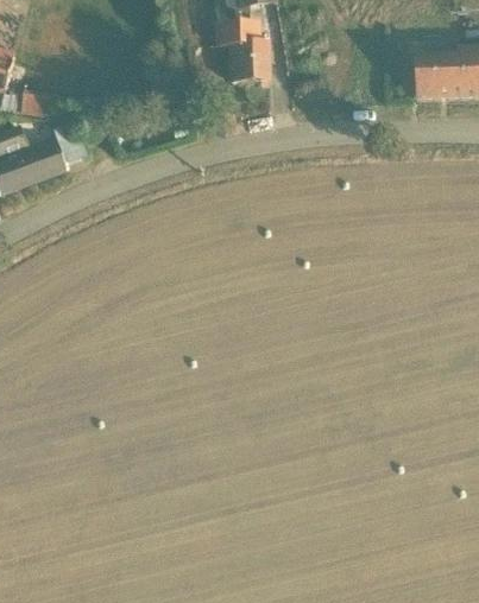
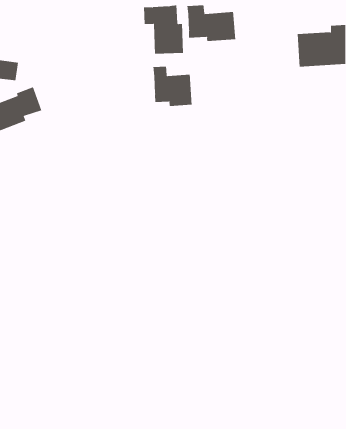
building: none -> [187,4,236,42]
building: none -> [153,66,192,107]

